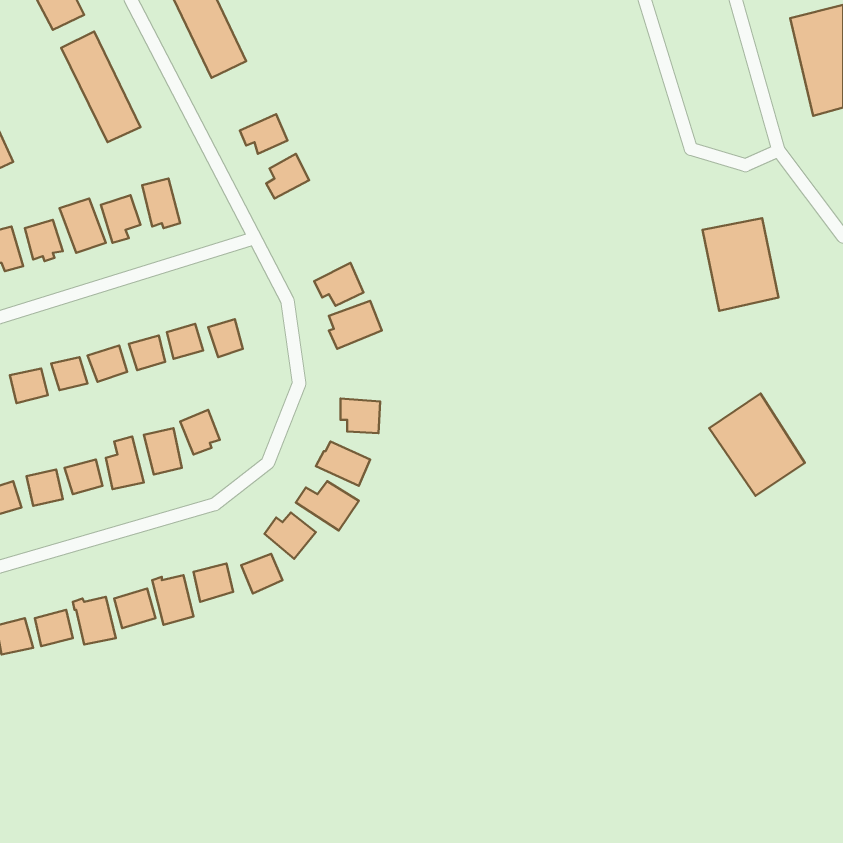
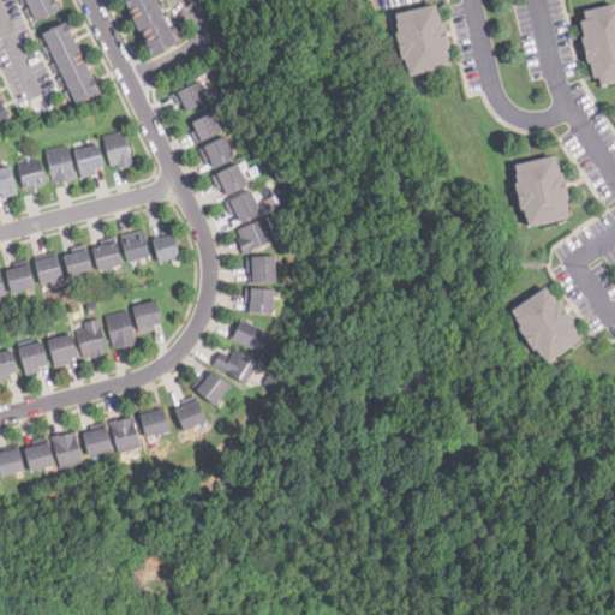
building: none -> [396,7,450,74]
building: none -> [202,137,238,168]
building: none -> [215,165,251,195]
building: none -> [247,257,277,282]

